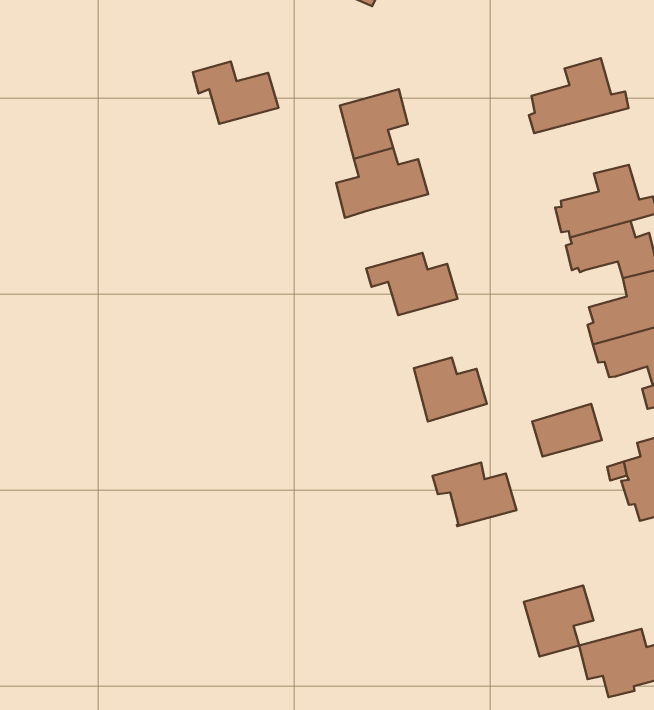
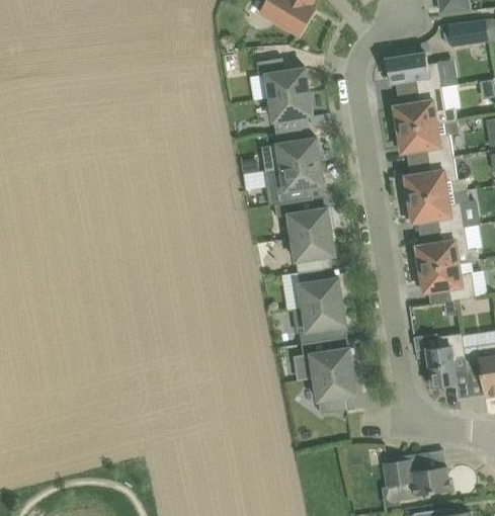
building: none -> [386,50,441,90]
building: [193,61,279,124] -> [256,58,309,97]
building: none -> [393,120,458,160]
building: none -> [272,161,323,204]
building: none -> [292,231,334,272]
building: [532,404,602,456] -> [303,300,346,331]
building: [524,585,593,656] -> [314,371,357,414]

